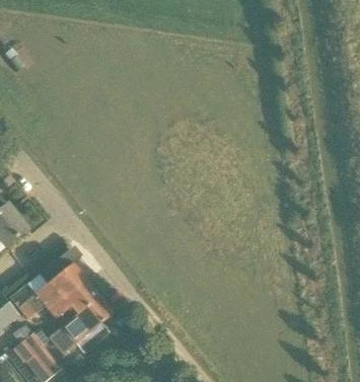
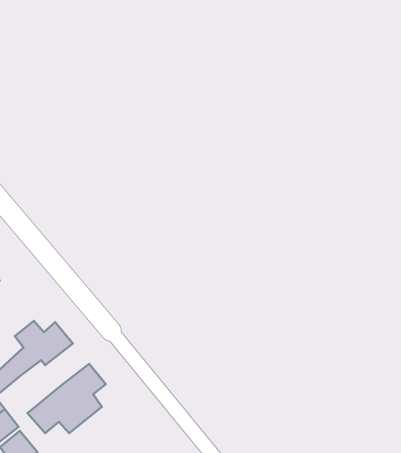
building: [45,281,99,319] -> none

